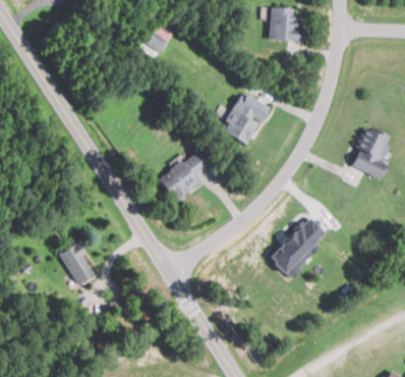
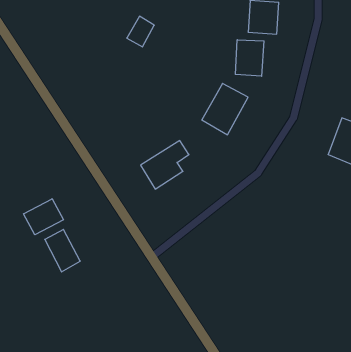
building: none -> [235,40,264,76]
building: none -> [24,199,63,235]
building: [269,215,325,277] -> none

